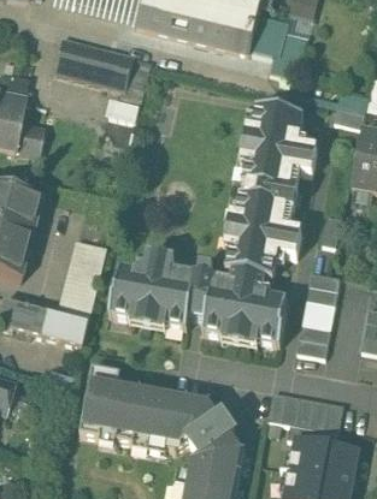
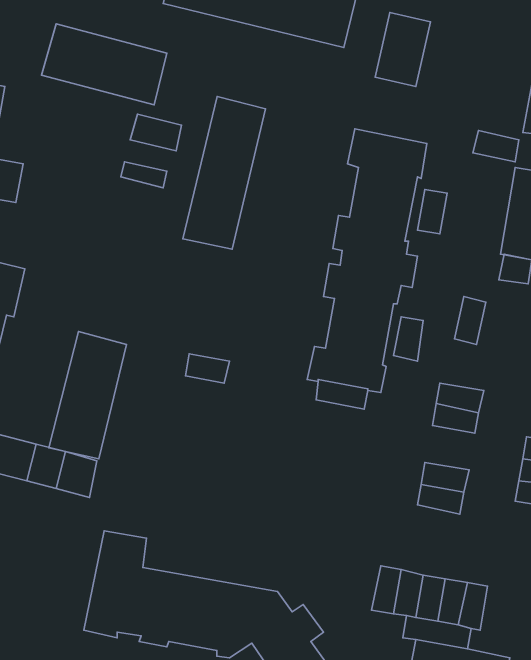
building: none -> [183,97,266,249]
building: [111,263,288,345] -> none

